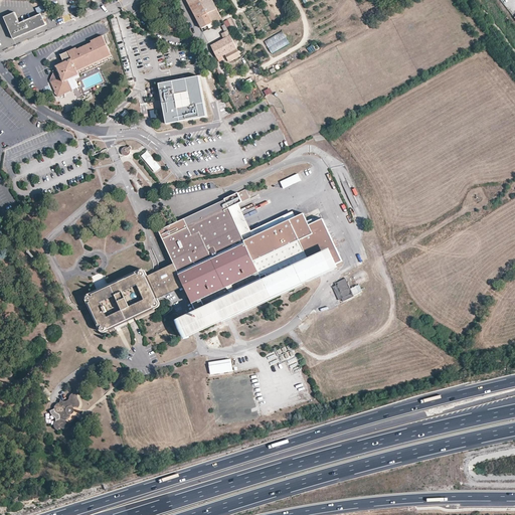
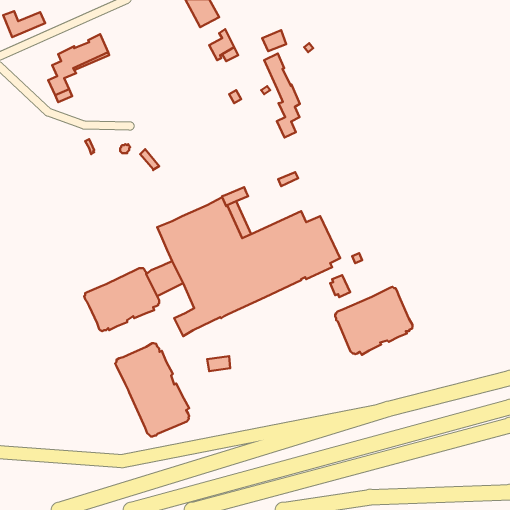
building: none -> [264,53,300,137]
building: [158,75,205,123] -> none
building: none -> [335,287,413,355]
building: none -> [115,343,189,437]
building: [49,391,78,430] -> none

